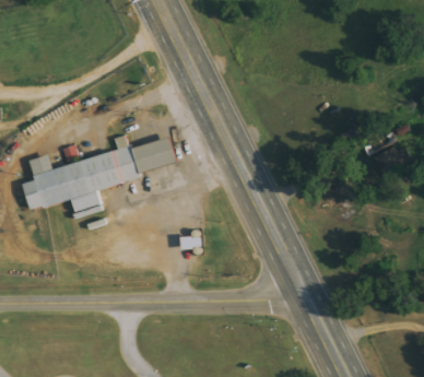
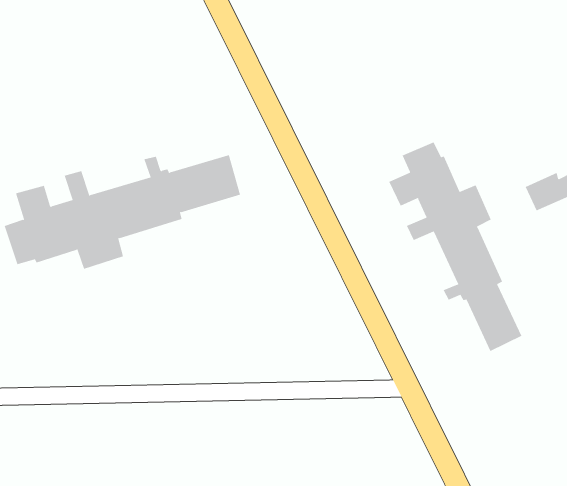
building: none -> [389,141,522,352]

